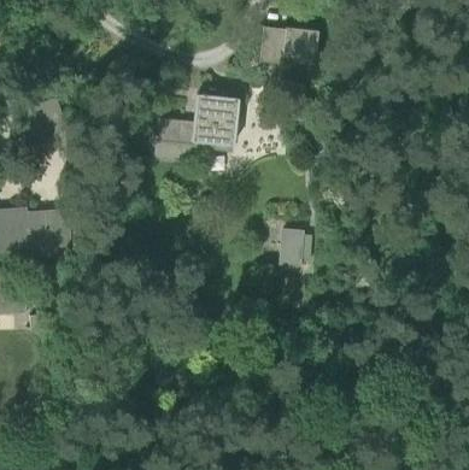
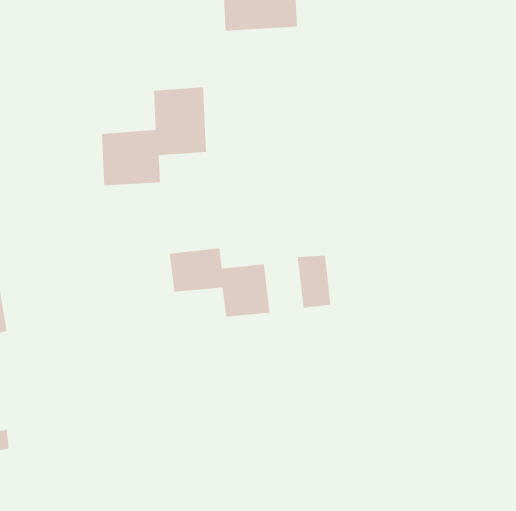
building: none -> [169,248,271,317]

